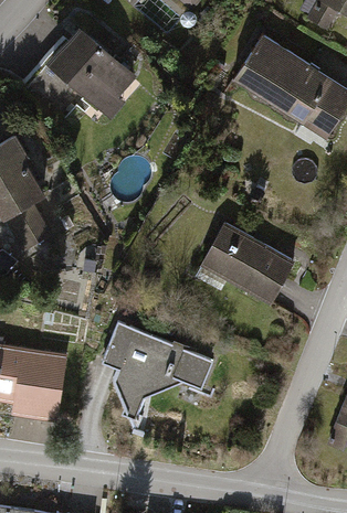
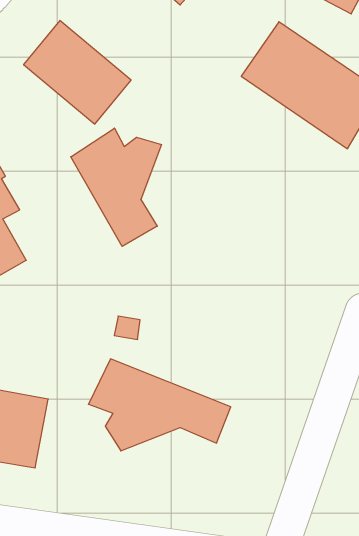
building: none -> [71,128,161,246]
building: [204,224,298,307] -> none

